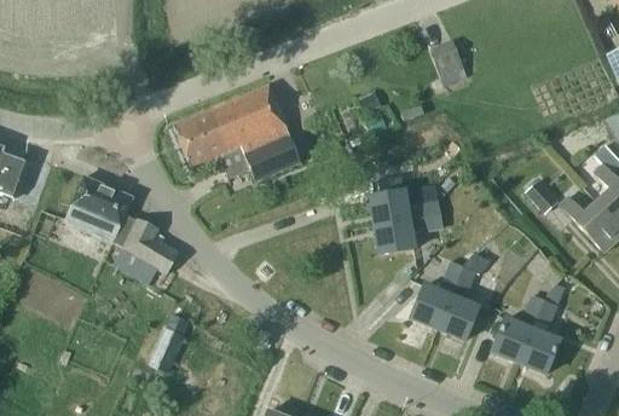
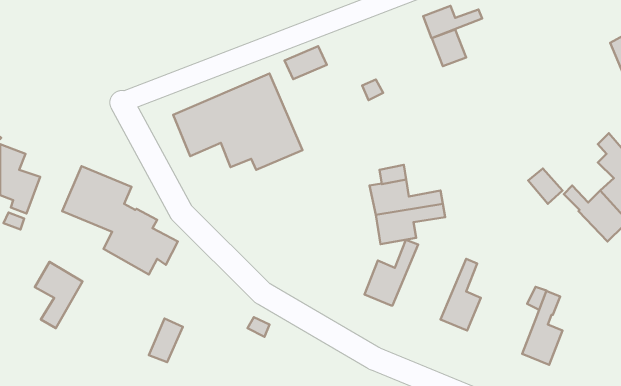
building: none -> [423,6,482,38]
building: none -> [284,46,327,79]
building: [411,262,464,328] -> [364,240,418,306]
building: none -> [35,262,82,328]
building: [492,317,533,362] -> none

